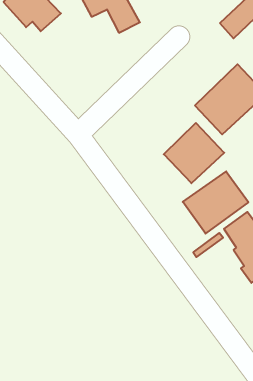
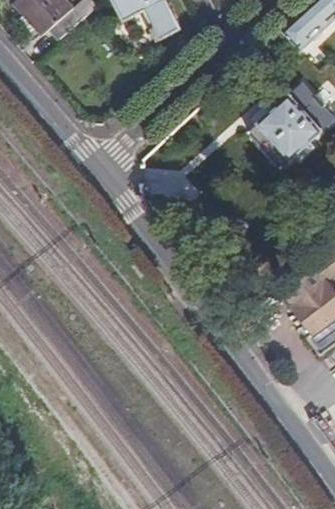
building: [164,123,224,183] -> none
building: [183,171,248,234] -> none

